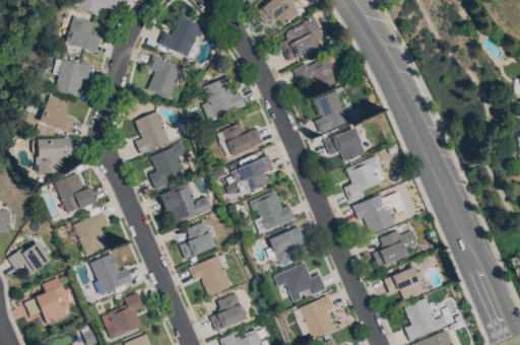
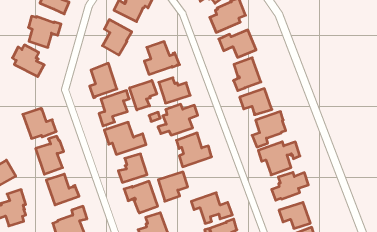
building: none -> [130,80,157,110]
building: [31,138,71,174] -> none
building: [268,226,306,265] -> [158,172,188,201]

